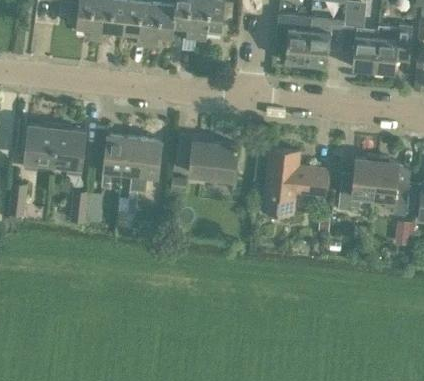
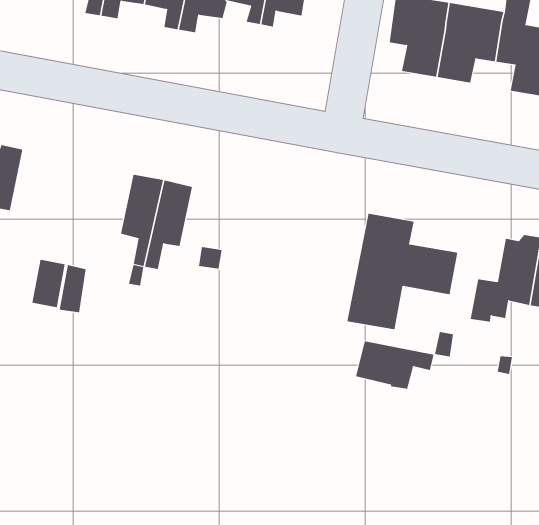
building: [53,126,86,176] -> none
building: [101,133,126,188] -> none
building: [178,136,238,180] -> none
building: none -> [356,341,434,389]

